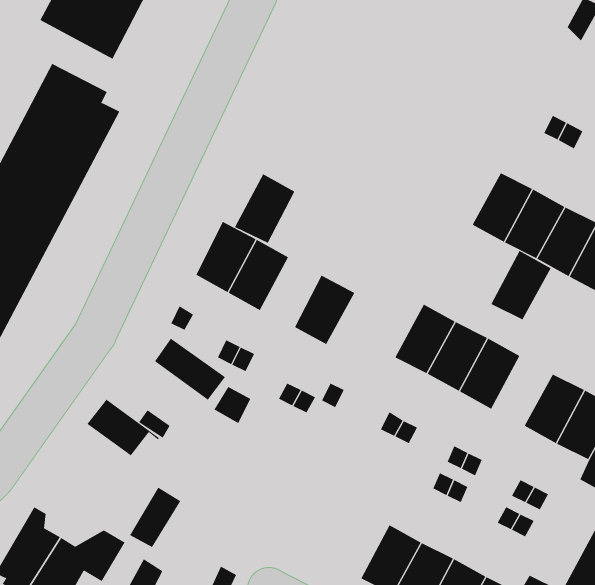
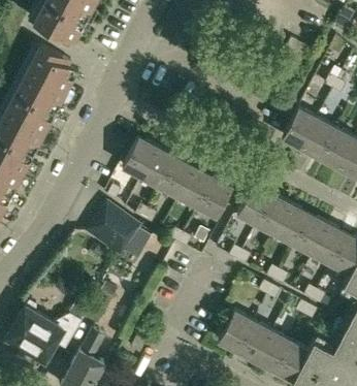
building: [234,173,295,243] -> [159,158,194,198]
building: [490,250,551,320] -> [292,215,327,255]
building: none -> [197,179,232,219]
building: [86,399,160,456] -> [87,218,129,251]

